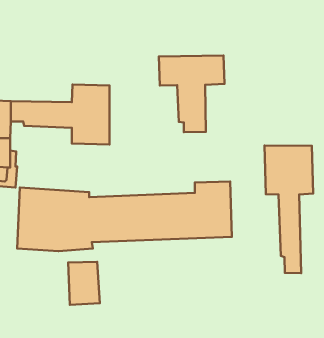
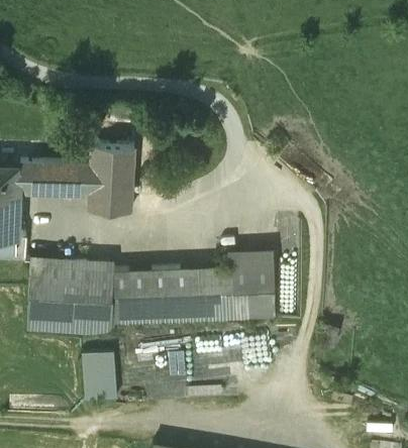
building: [159,55,224,132] -> none
building: [264,145,313,273] -> none

